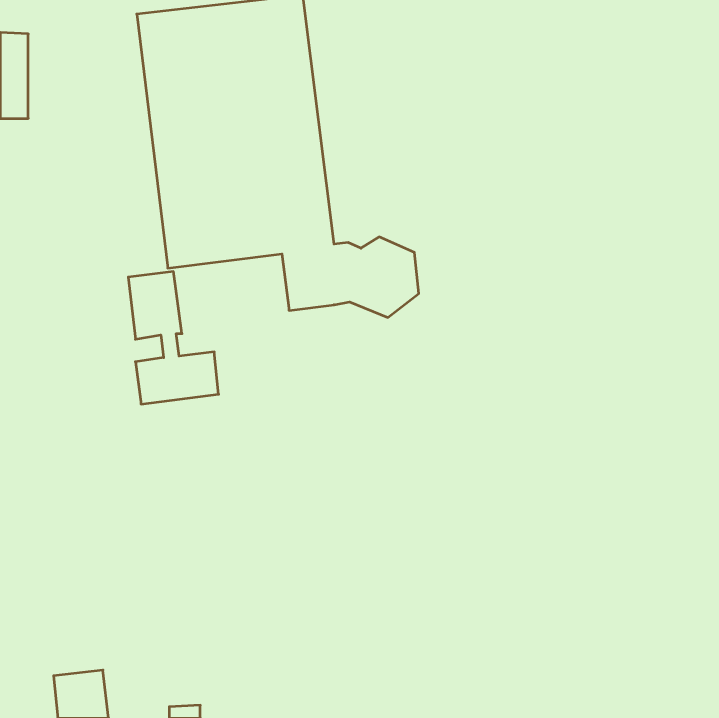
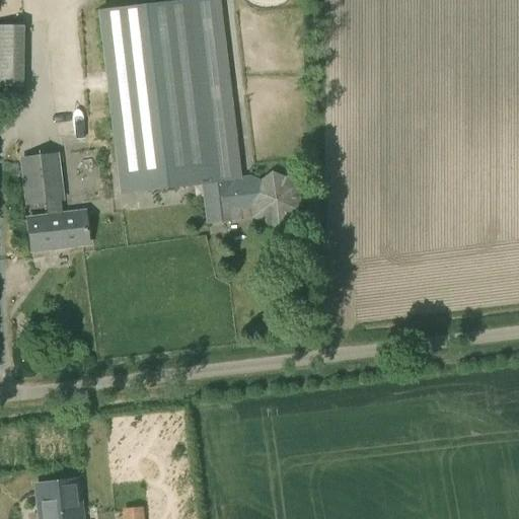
building: [128,272,219,404] -> [23,154,88,249]

